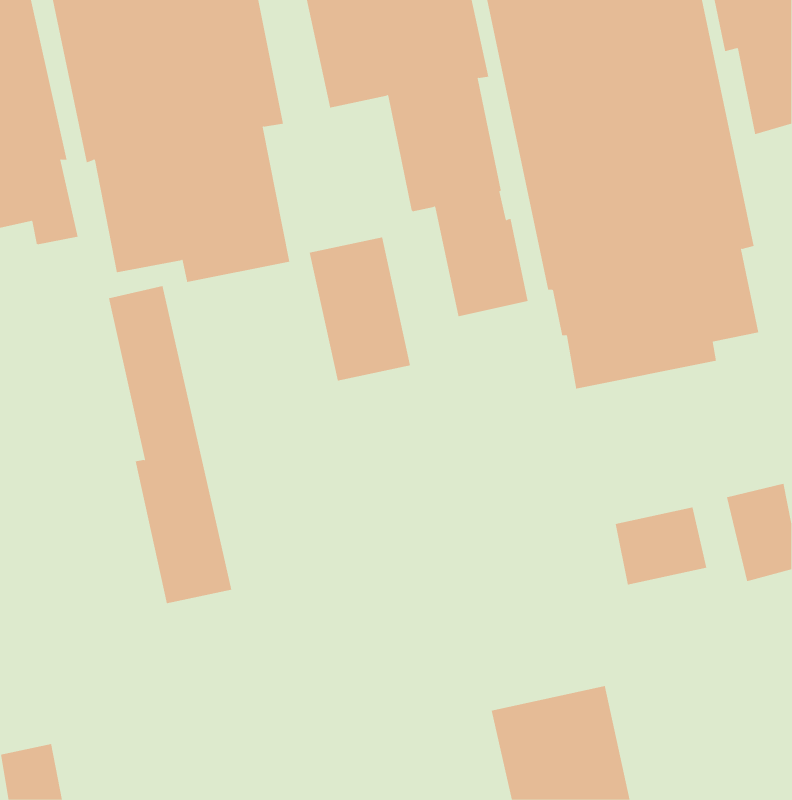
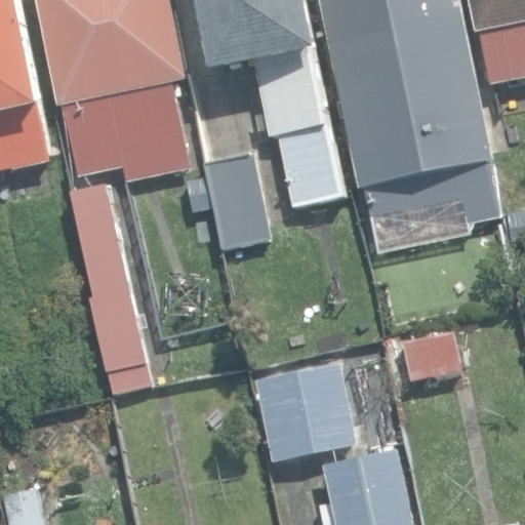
building: none -> [254,363,355,463]

